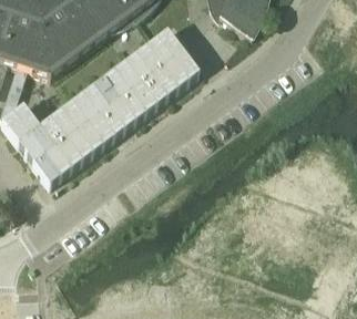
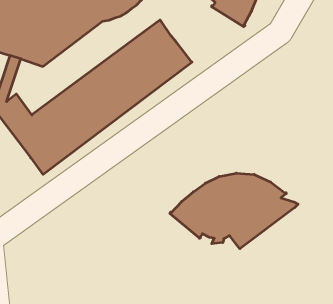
building: none -> [170,173,298,249]

